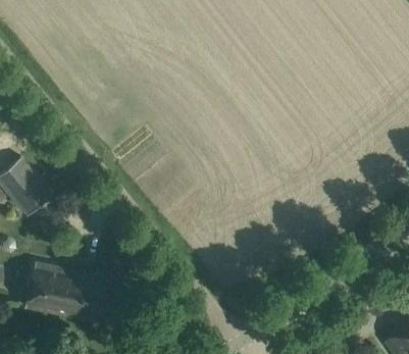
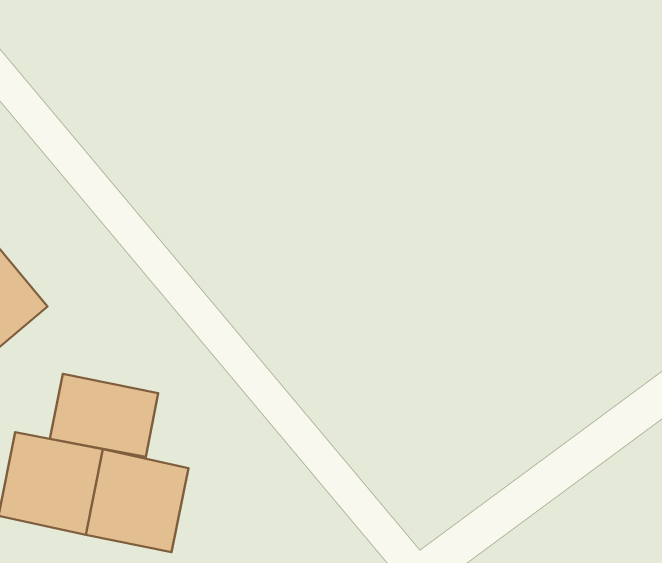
building: none -> [50,374,158,457]

